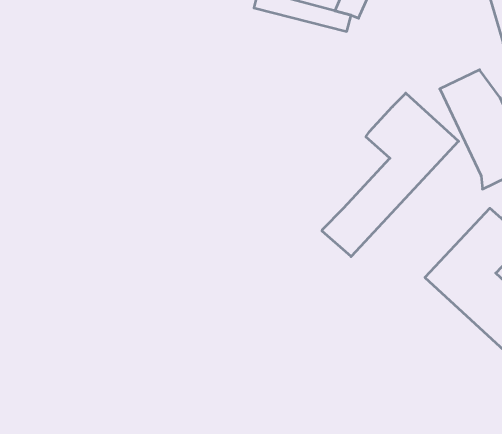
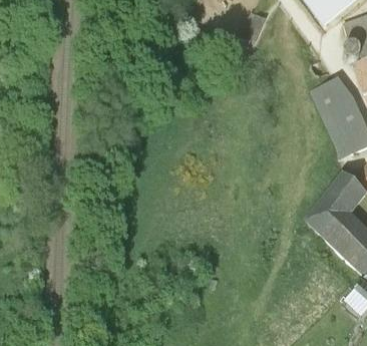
building: [322,93,459,257] -> none

